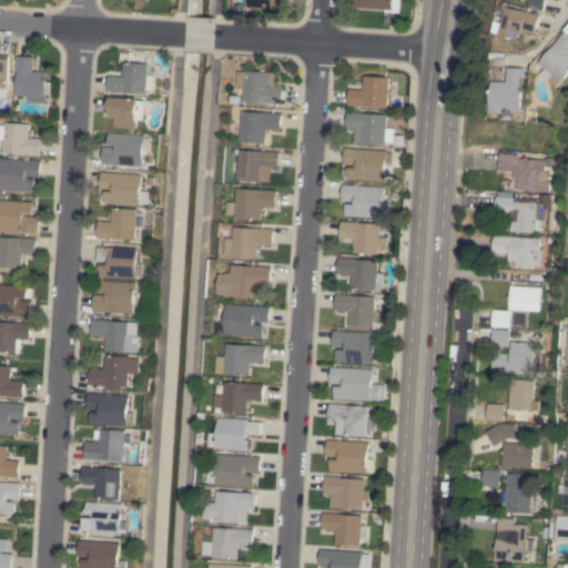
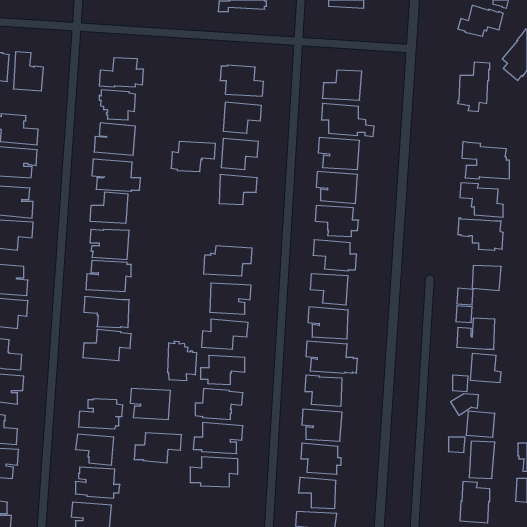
building: [225,227,273,260] -> [171,141,215,171]
building: none -> [168,341,196,381]
building: [87,394,130,427] -> [130,389,171,420]
building: [202,528,253,560] -> [134,433,182,463]

